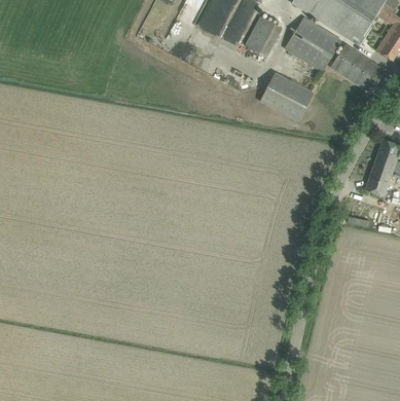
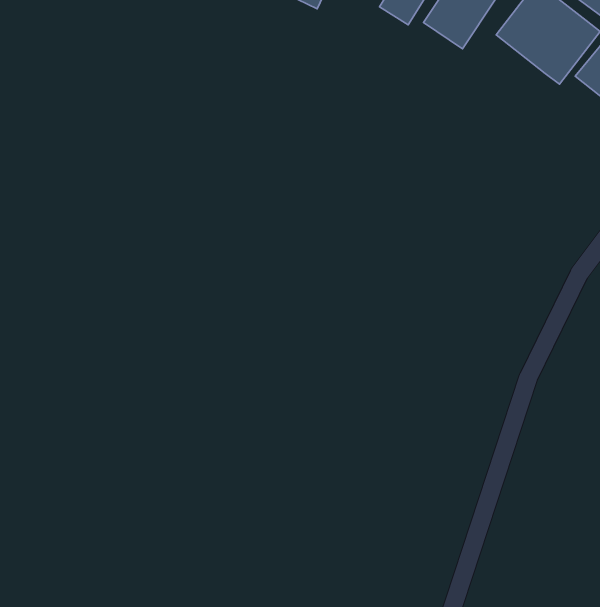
building: [259,72,313,120] -> none

